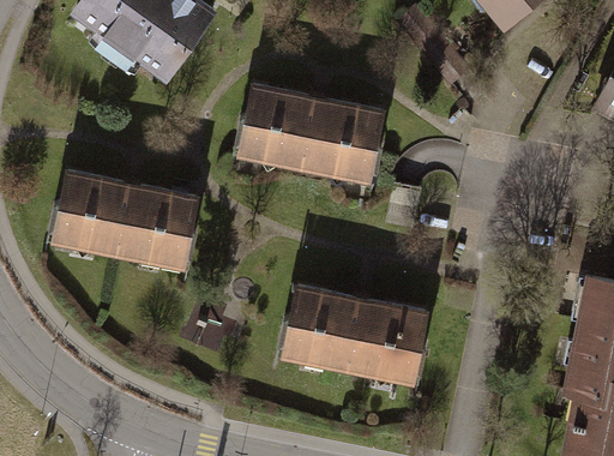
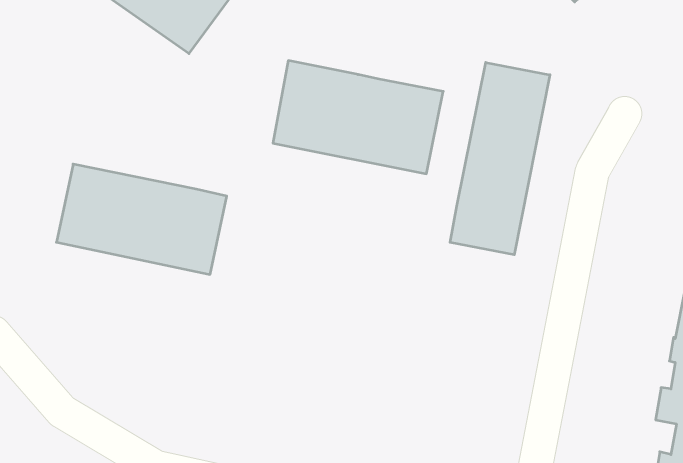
building: none -> [450,62,550,255]
building: [282,287,427,382] -> none

